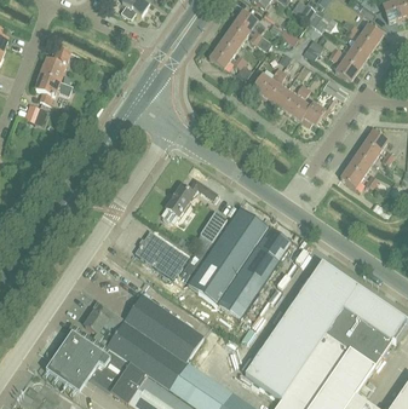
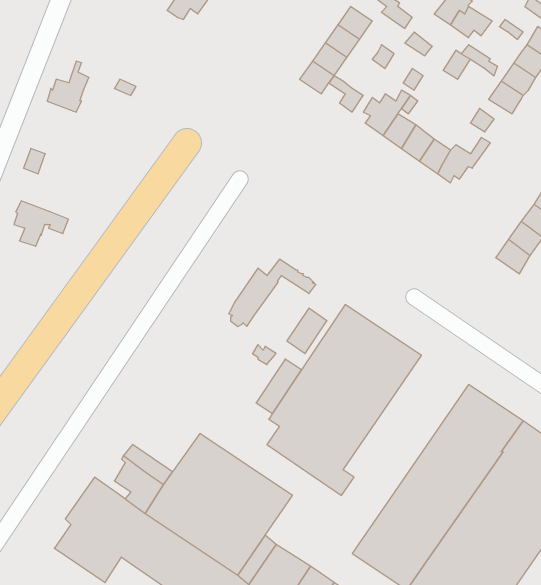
building: [36,73,73,103] -> [14,201,68,246]
building: [136,230,189,278] -> none

